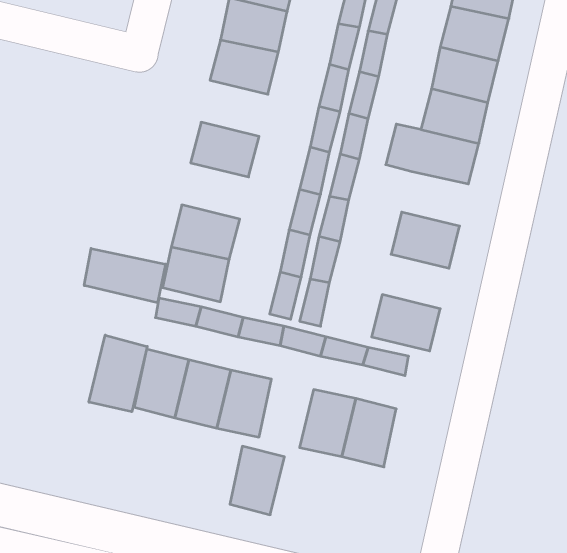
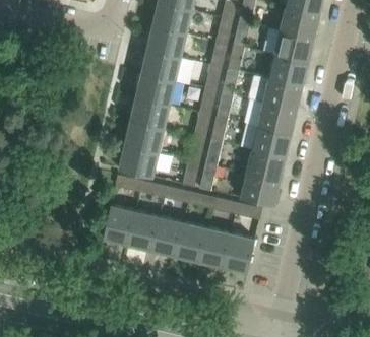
building: none -> [141,50,180,82]
building: none -> [130,97,169,130]
building: none -> [257,103,296,134]
building: [84,248,165,303] -> none
building: none -> [246,150,285,182]
building: [89,335,147,412] -> none
building: [230,446,284,515] -> [175,222,206,262]

